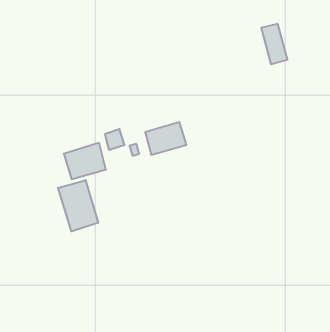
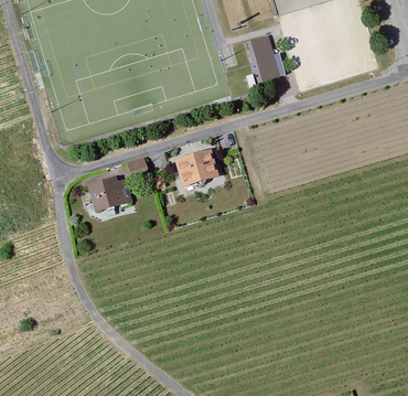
building: [261,24,288,64] -> [249,36,279,82]
building: [58,180,98,231] -> none

